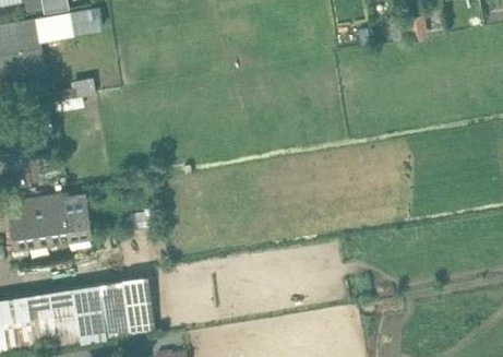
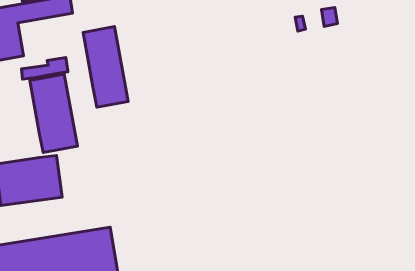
building: none -> [83,27,128,107]
building: none -> [30,74,77,153]

